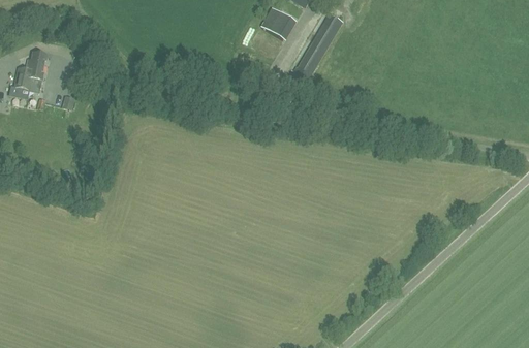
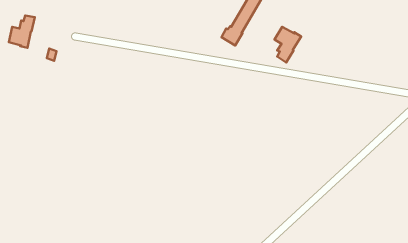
building: none -> [274,27,301,63]

